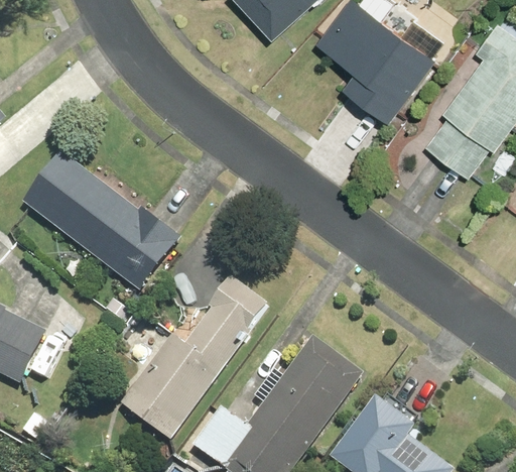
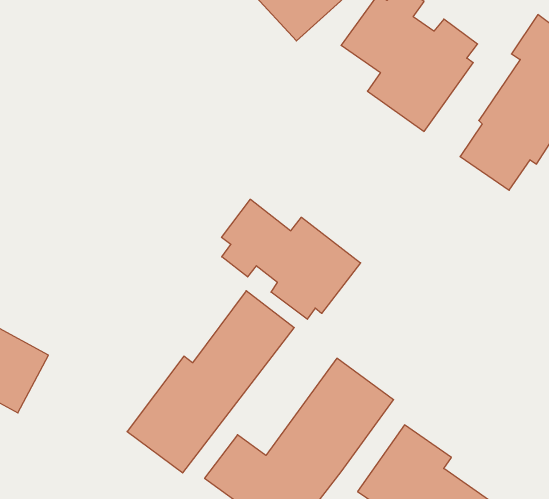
building: [25,158,178,290] -> none
building: none -> [222,199,361,319]

